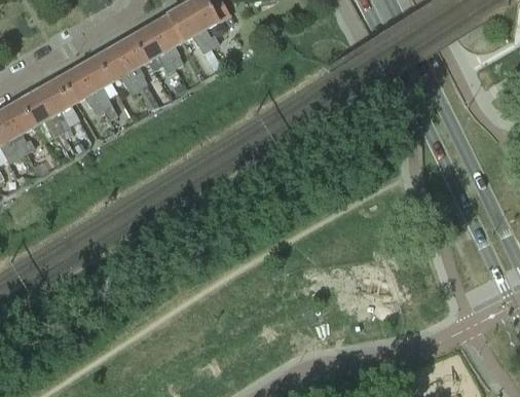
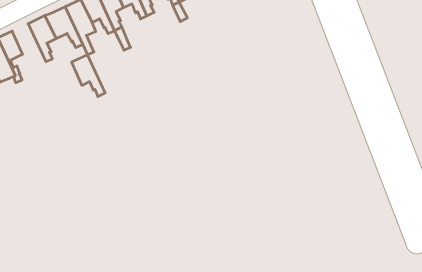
building: [18,89,61,137] -> [72,55,105,97]

